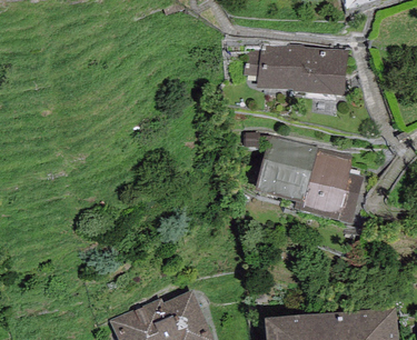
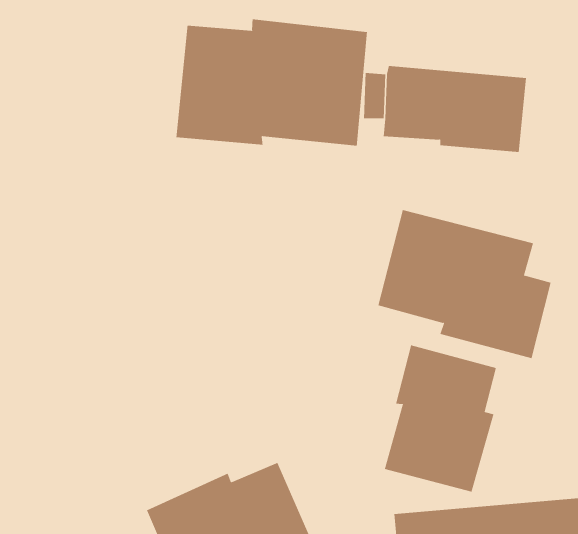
building: none -> [176,19,368,147]
building: none -> [384,344,497,492]

